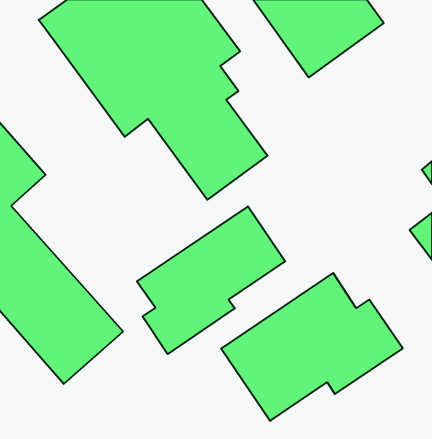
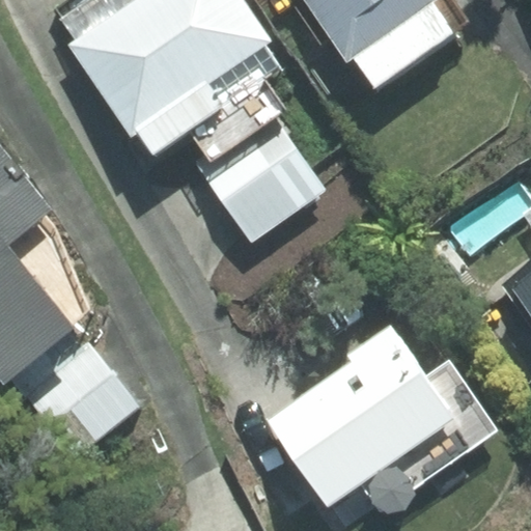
building: [137,206,285,354] -> none

